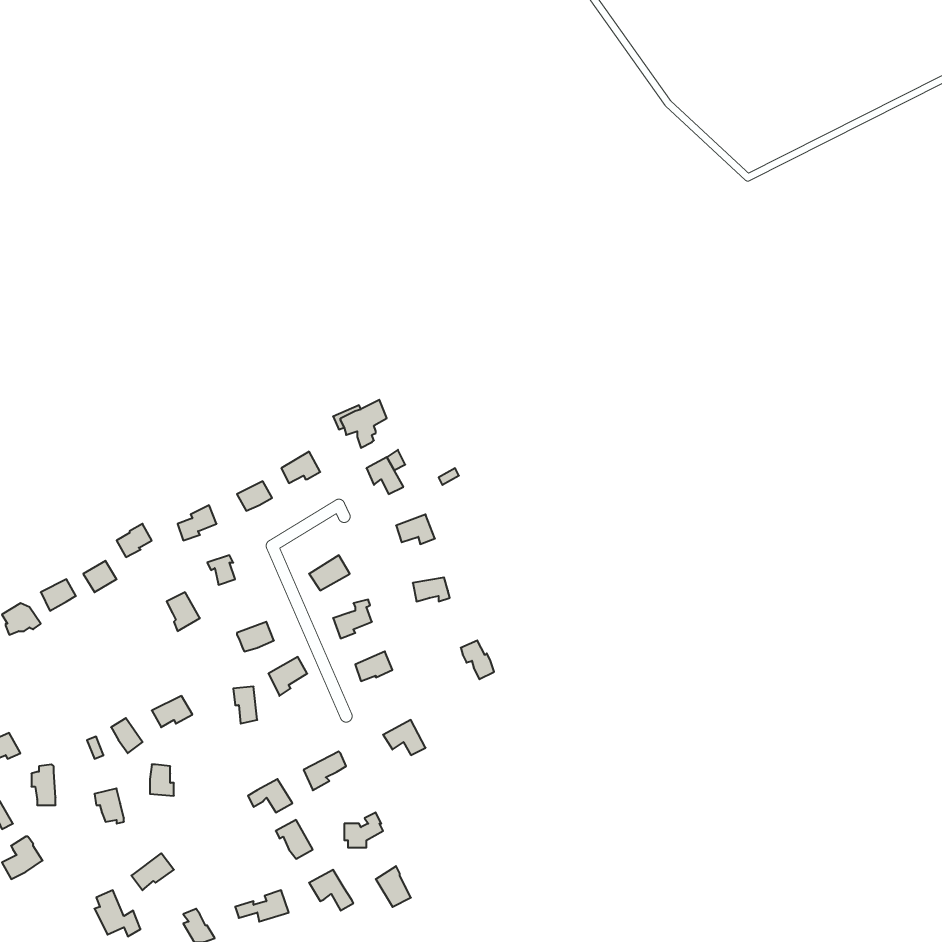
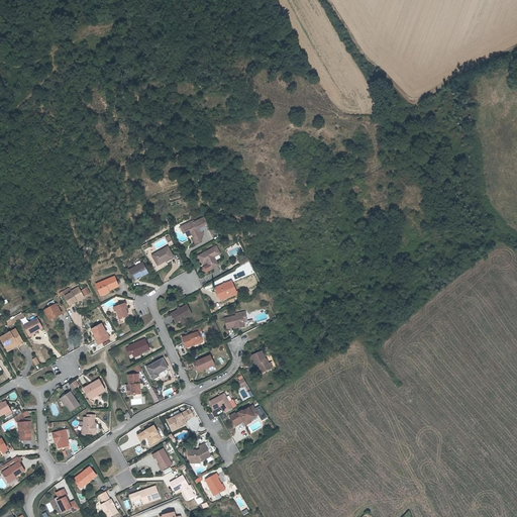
building: none -> [230,405,269,424]

